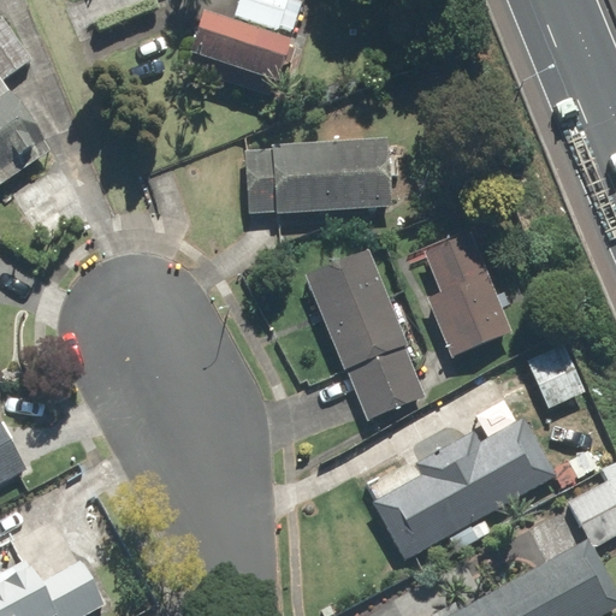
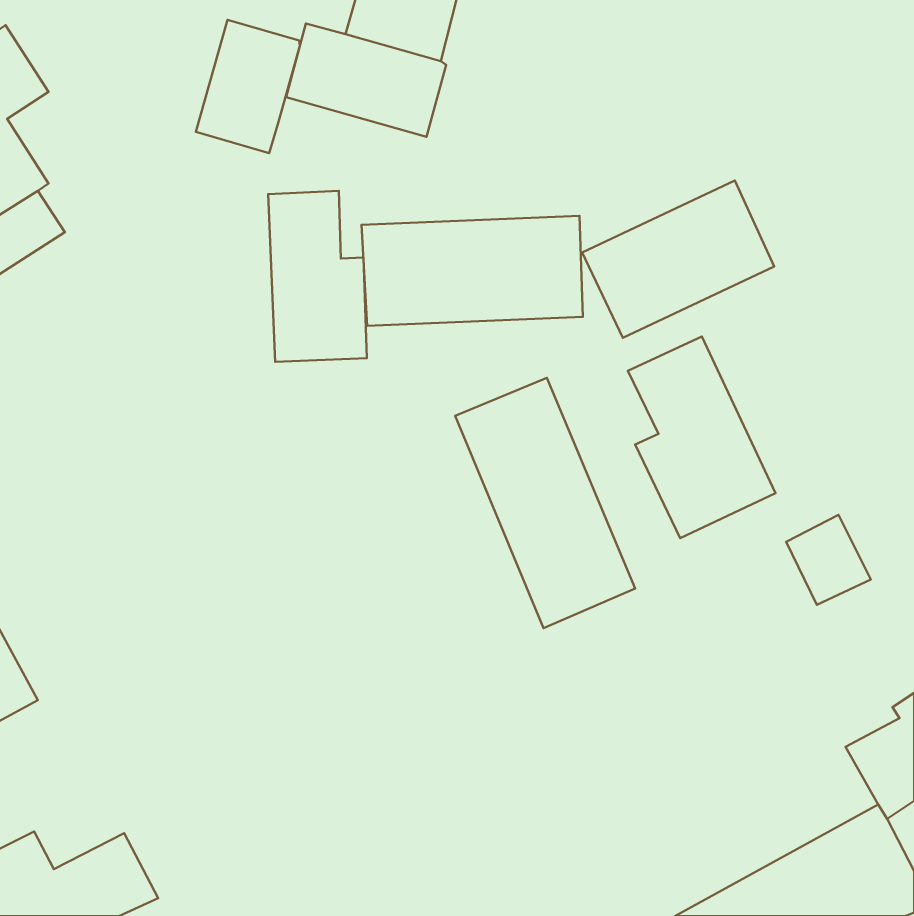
building: none -> [196,20,300,153]
building: none -> [582,180,774,338]
building: none -> [268,191,367,362]
building: [371,415,555,561] -> none

